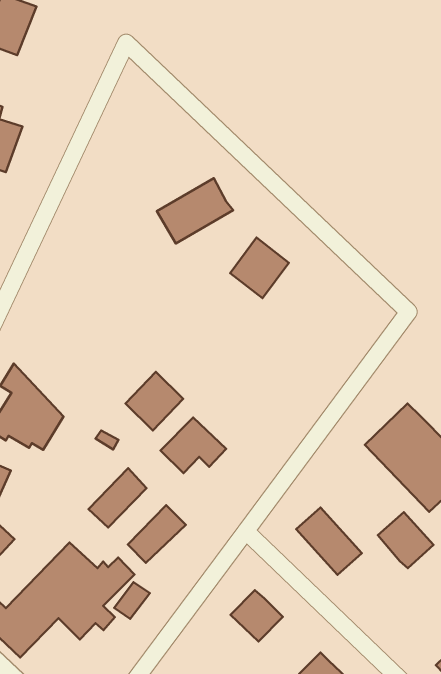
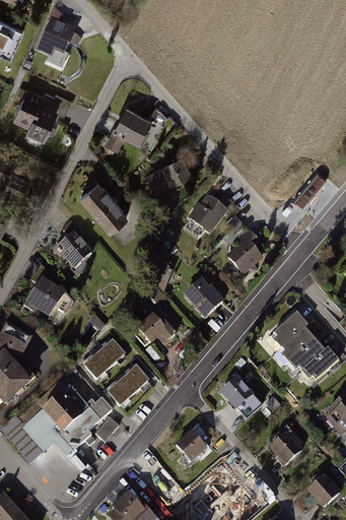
building: none -> [111,105,152,146]
building: none -> [79,178,129,230]
building: none -> [223,232,268,274]
building: none -> [52,229,90,268]
building: none -> [180,270,228,319]
building: [125,372,183,431] -> none
building: [378,512,434,568] -> [268,431,304,468]

